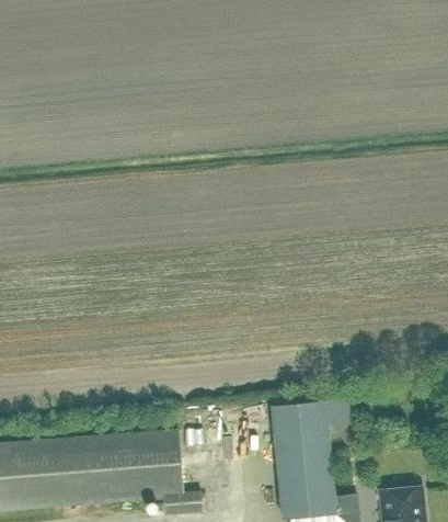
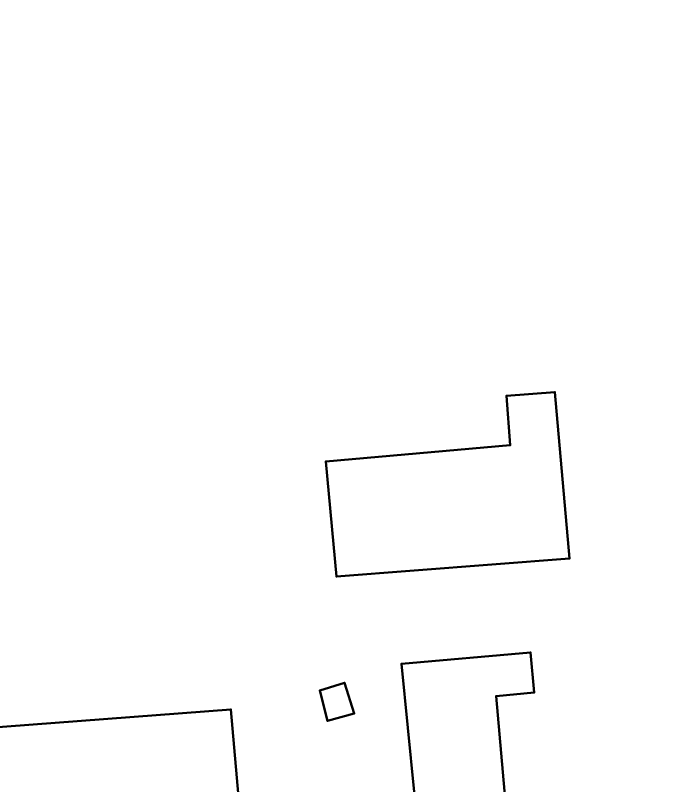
building: none -> [326,392,570,576]

